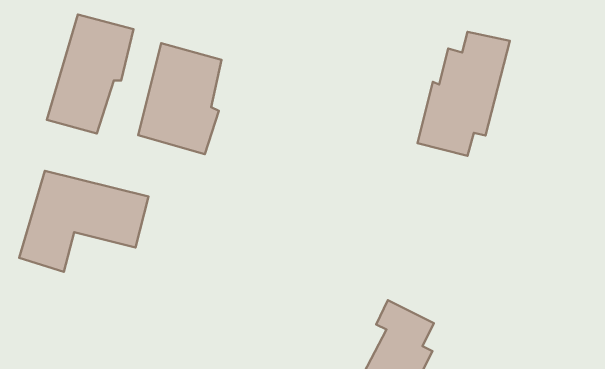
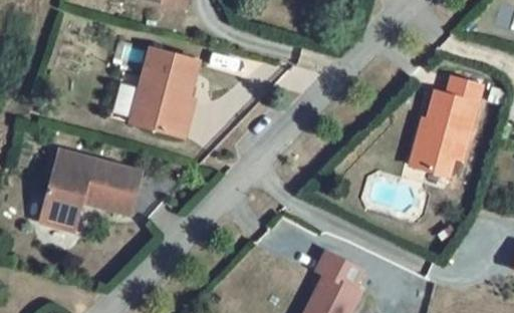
building: [47,15,134,134] -> none
building: [418,32,510,156] -> [409,78,481,176]

